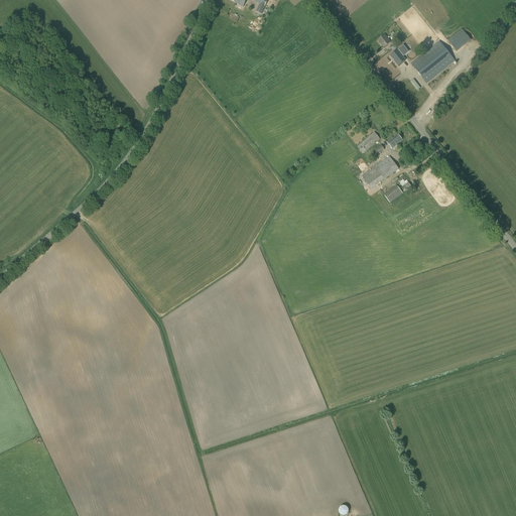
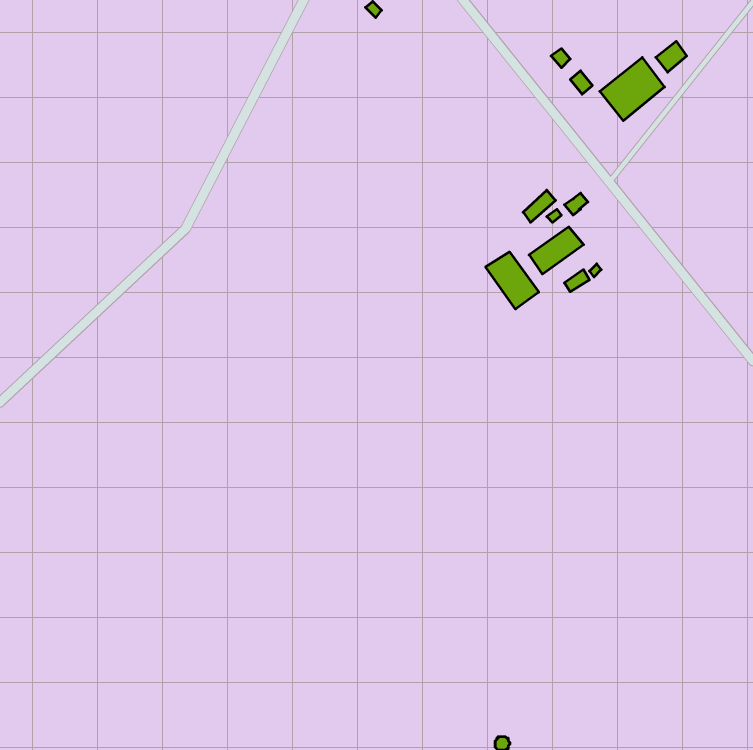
building: none -> [486,252,539,309]

